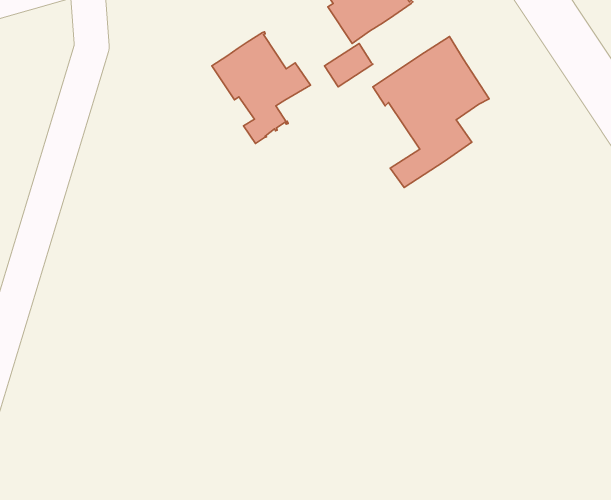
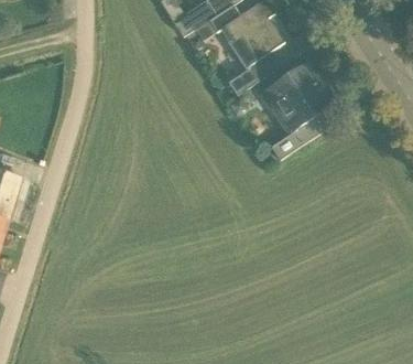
building: [212,32,310,143] -> none

